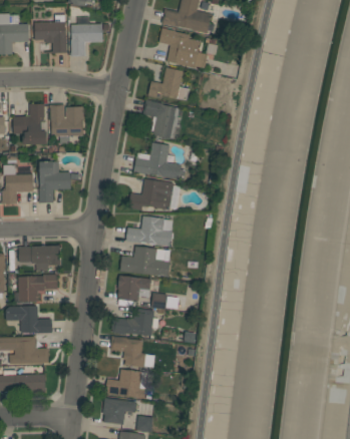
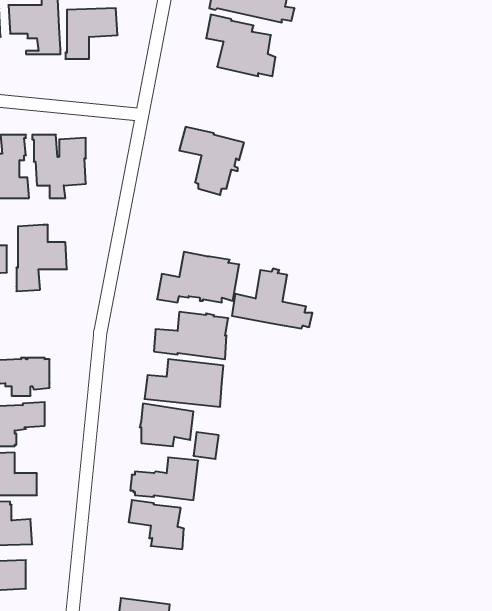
building: [148,67,190,100] -> none
building: [134,141,186,179] -> [232,269,312,329]
building: [106,370,146,399] -> none

